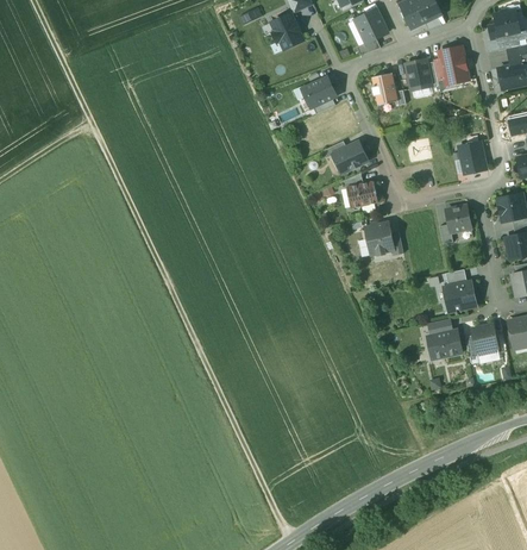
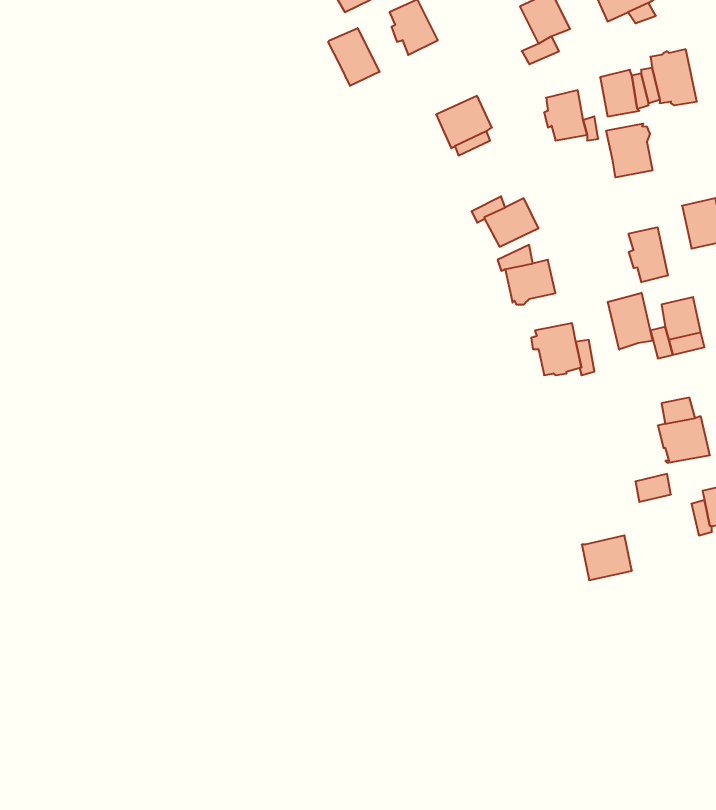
building: none -> [328,28,380,86]
building: none -> [606,124,652,177]
building: none -> [629,227,668,282]
building: none -> [608,293,653,350]
building: [428,329,460,357] -> [582,535,632,580]

